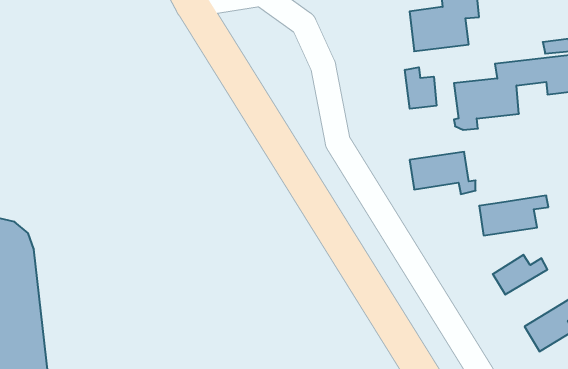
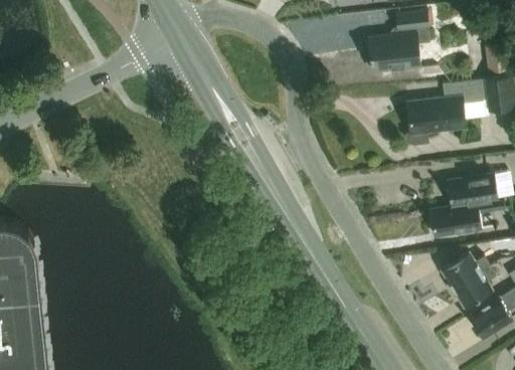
building: [405,67,436,109] -> none
building: [410,152,476,194] -> [446,173,504,210]
building: none -> [453,265,496,307]

